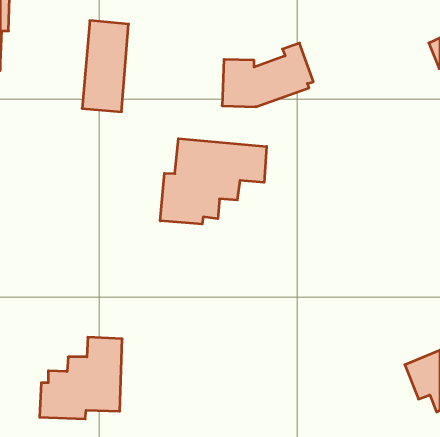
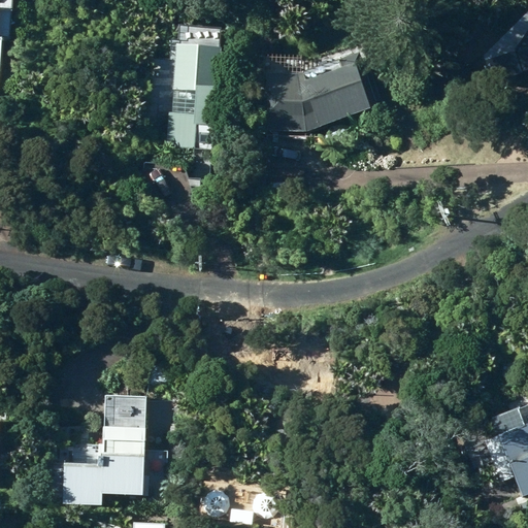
building: [82,21,129,112] -> [165,39,221,148]
building: [160,139,267,224] -> none

